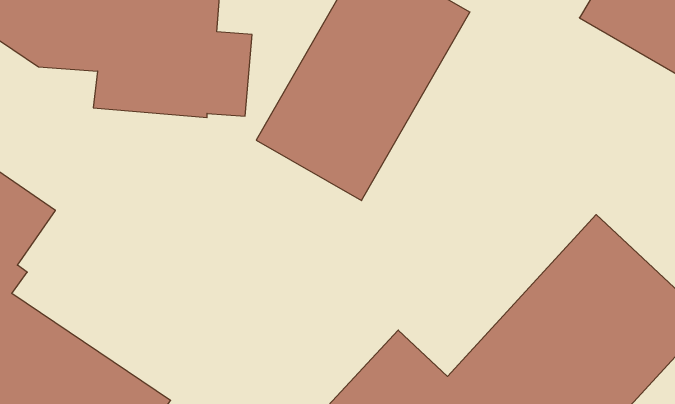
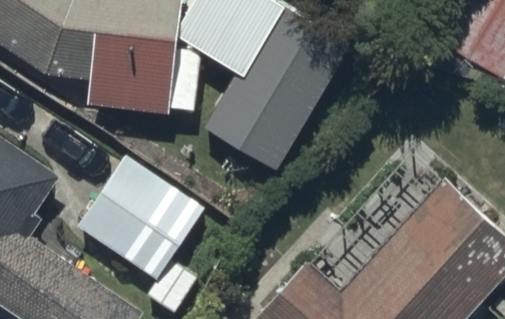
building: none -> [76,154,205,281]

